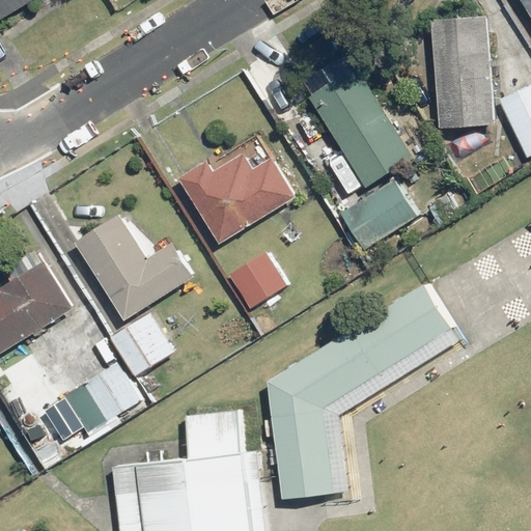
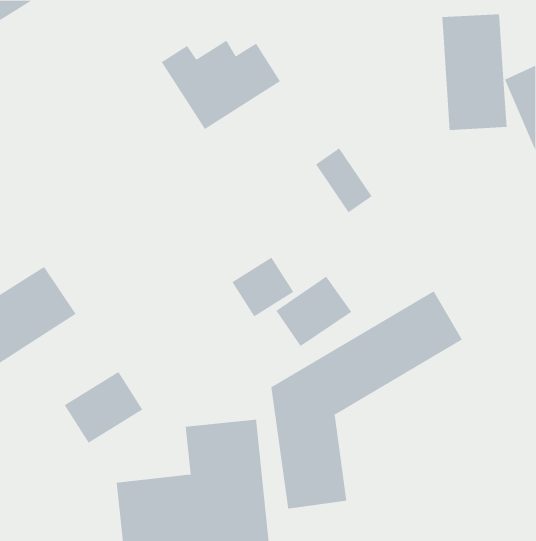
building: [309,68,412,188] -> none
building: [177,155,295,243] -> [161,40,281,130]
building: [342,178,417,248] -> [276,276,352,347]
building: [75,215,192,323] -> none
building: [111,314,174,379] -> none

